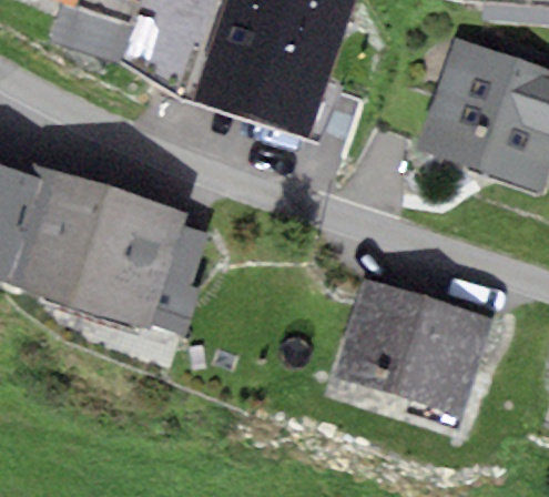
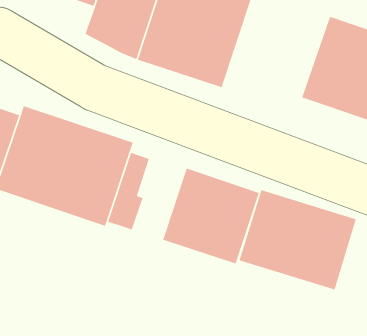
building: none -> [162,168,260,265]

